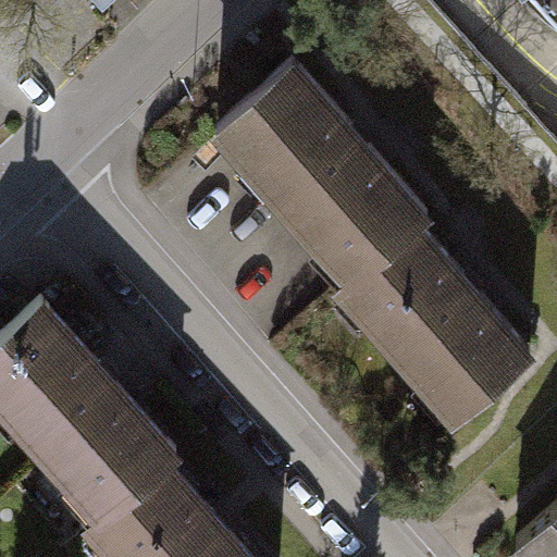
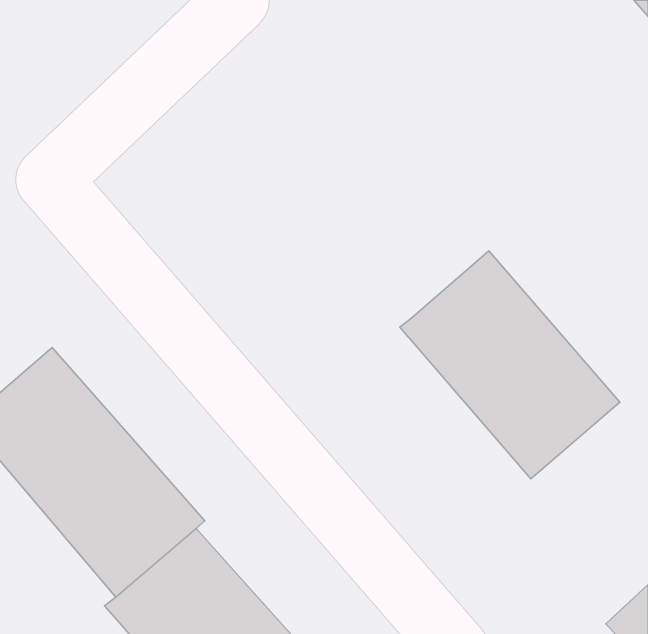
building: [220,69,426,285] -> none

